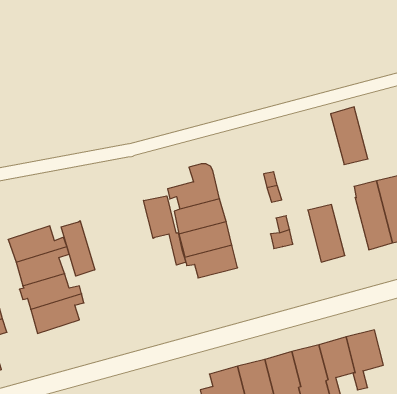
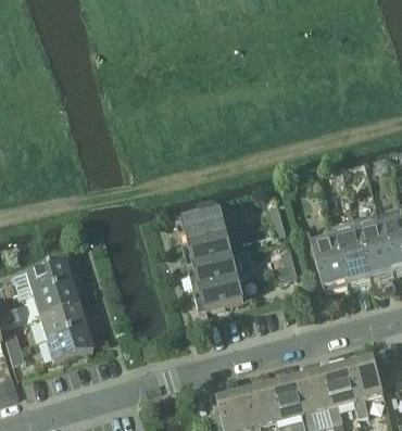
building: [331,107,368,165] -> [335,231,370,287]
building: [144,196,186,265] -> none
building: [61,221,95,276] -> none

